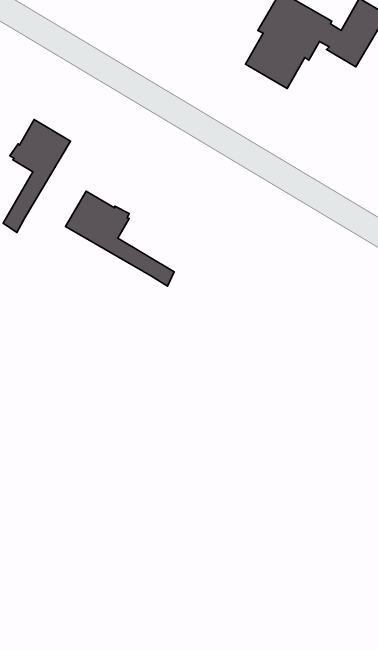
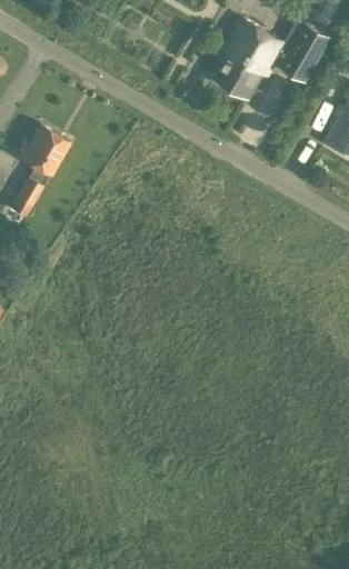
building: [66,191,174,286] -> none

